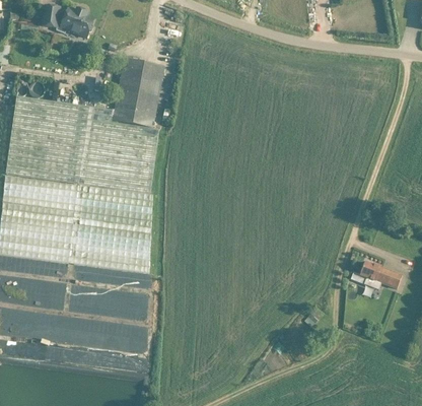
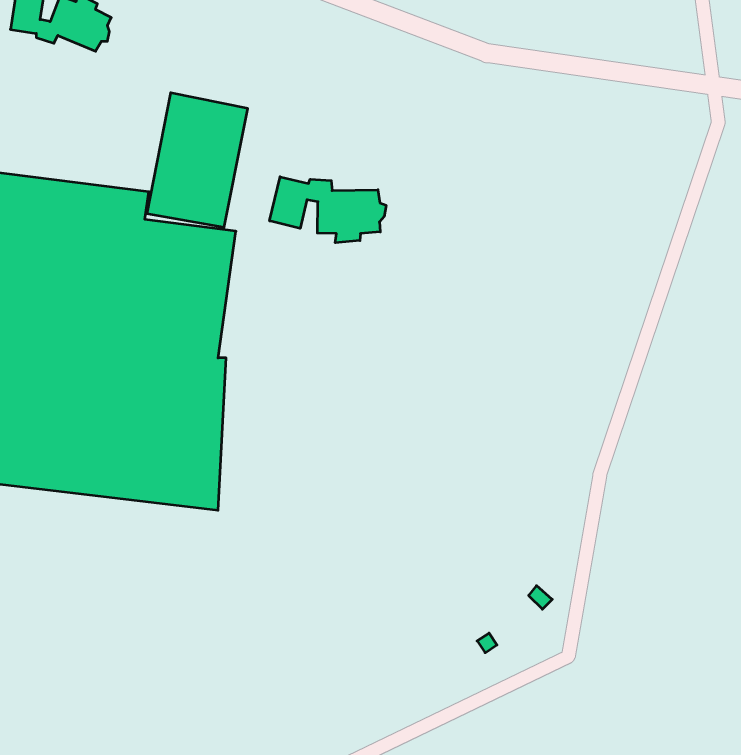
building: none -> [270,177,386,243]
building: [360,261,402,288] -> none

